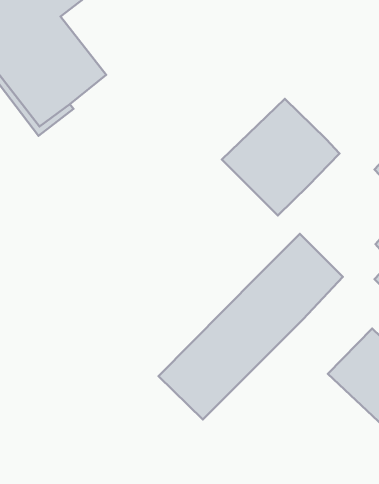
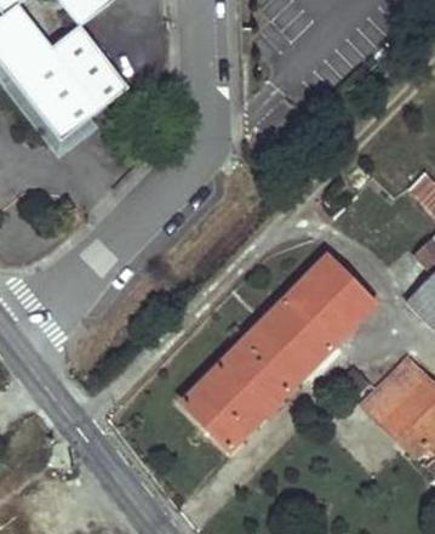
building: [222,99,339,215] -> none

